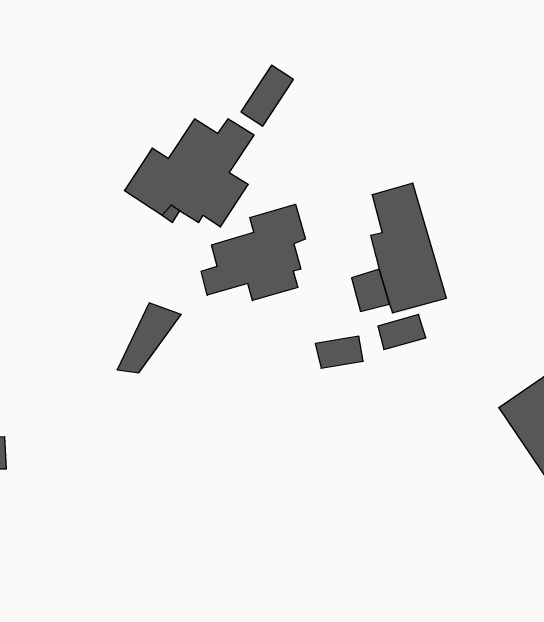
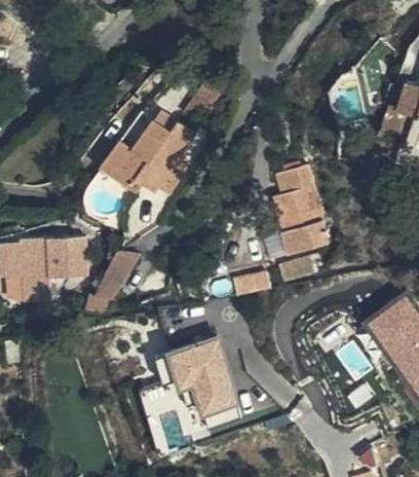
building: [201,204,305,301] -> none
building: none -> [17,238,84,301]
building: none -> [165,333,240,416]

